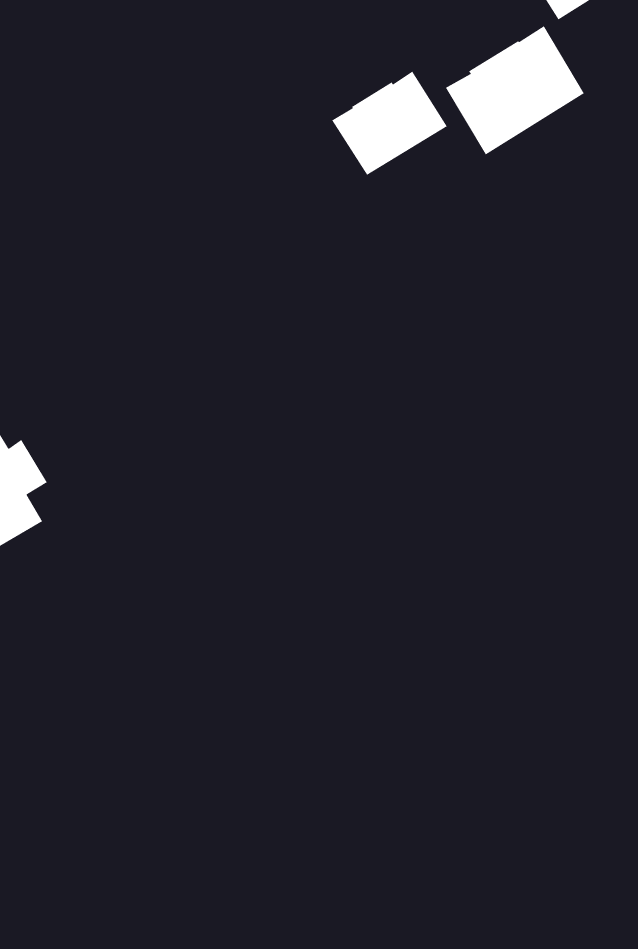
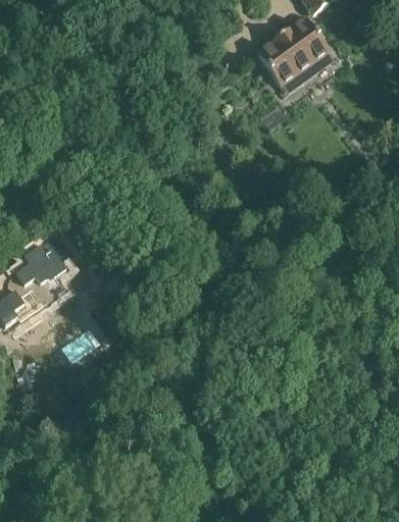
building: [331,71,448,176] -> none

